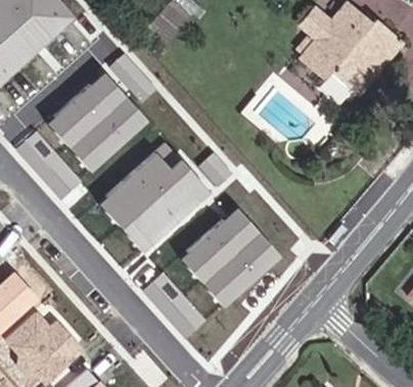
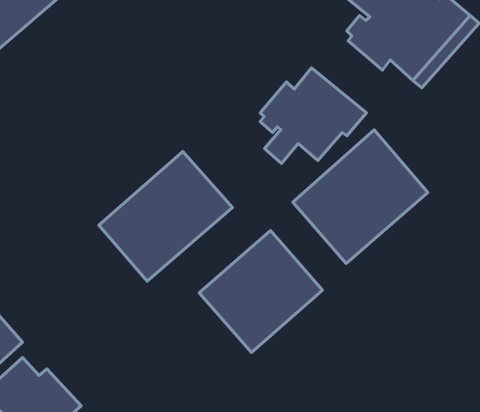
building: [47,72,144,170] -> none
building: none -> [260,68,366,164]
building: none -> [293,130,428,263]

